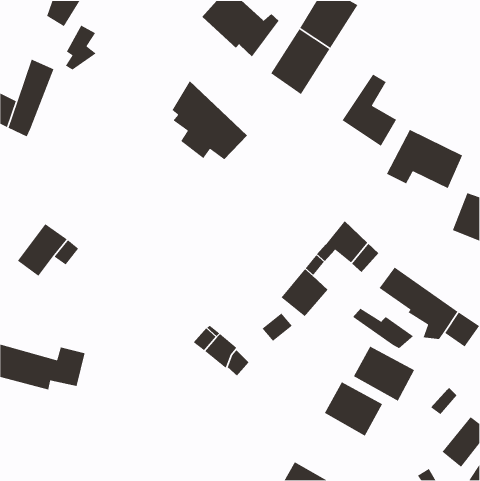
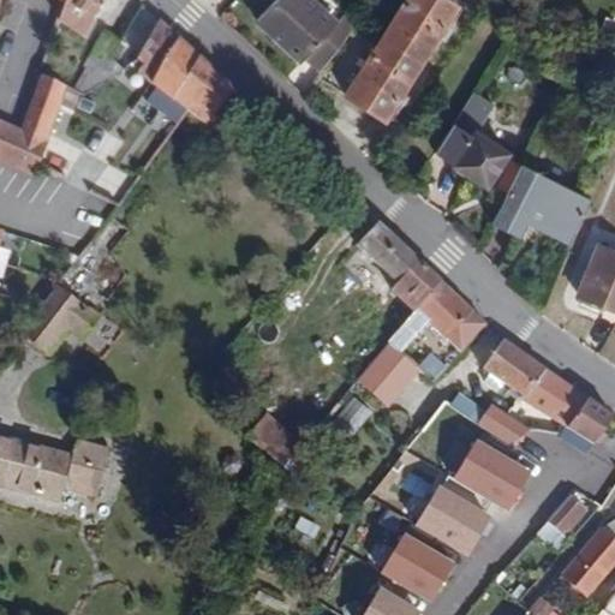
building: [172,80,248,160] -> [138,20,235,123]
building: none -> [358,223,440,311]
building: none -> [383,536,454,601]

